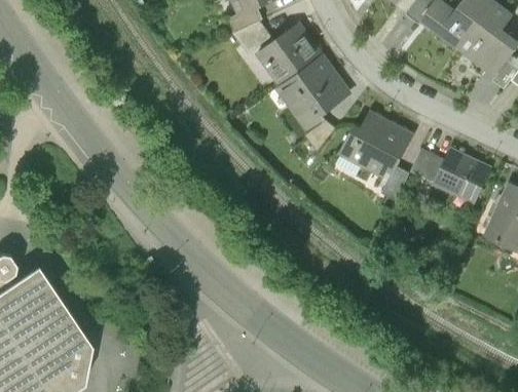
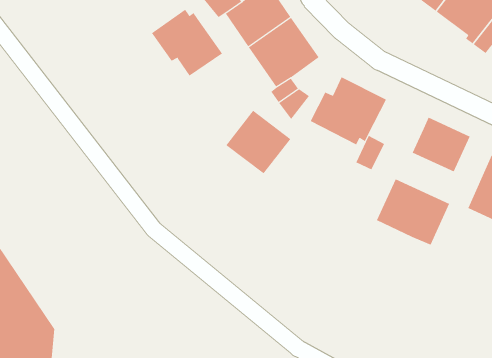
building: none -> [151,9,223,77]
building: none -> [226,110,291,174]
building: [409,148,443,182] -> none
building: none -> [376,179,450,245]

